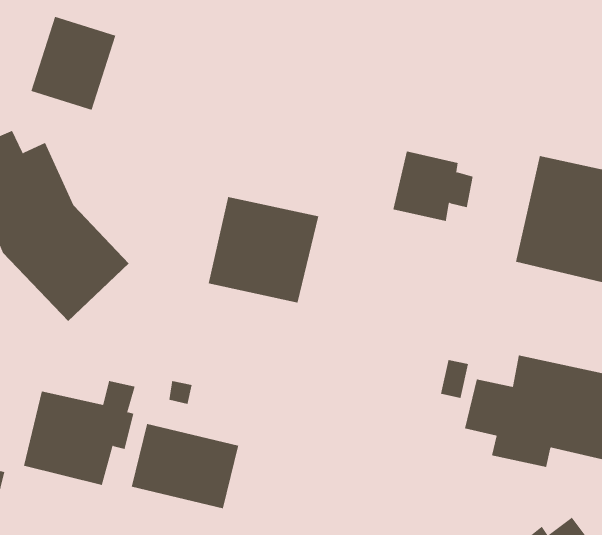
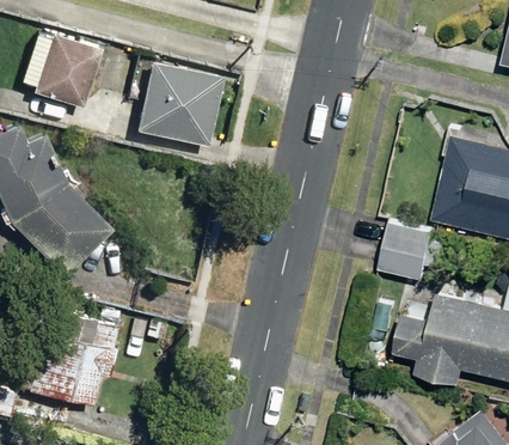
building: [393,151,474,221] -> [372,226,436,282]
building: [208,197,319,303] -> [142,56,231,141]
building: [131,423,239,509] -> none

